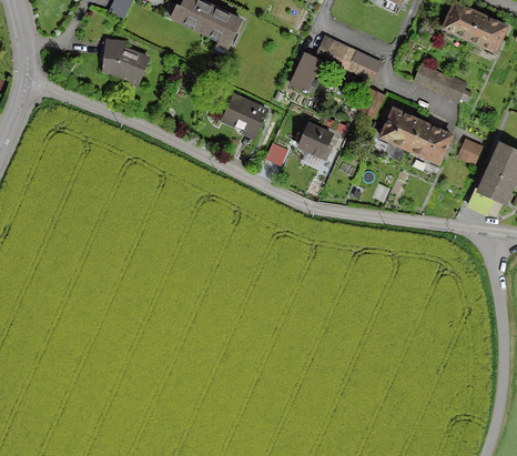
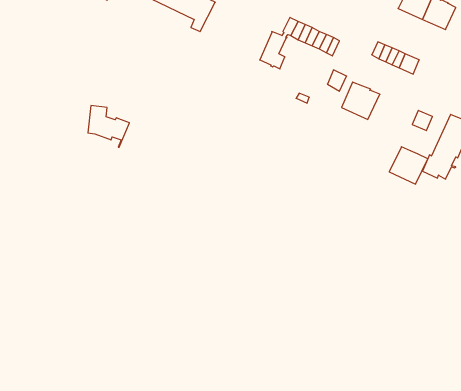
building: [103,39,149,84] -> [88,106,129,147]
building: [219,90,266,135] -> none
building: [409,121,452,162] -> [389,147,428,184]
building: [298,123,332,156] -> none

